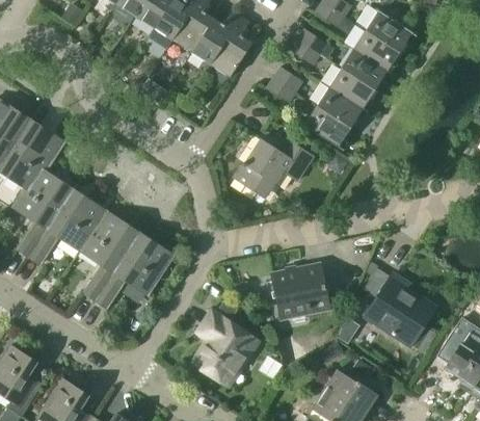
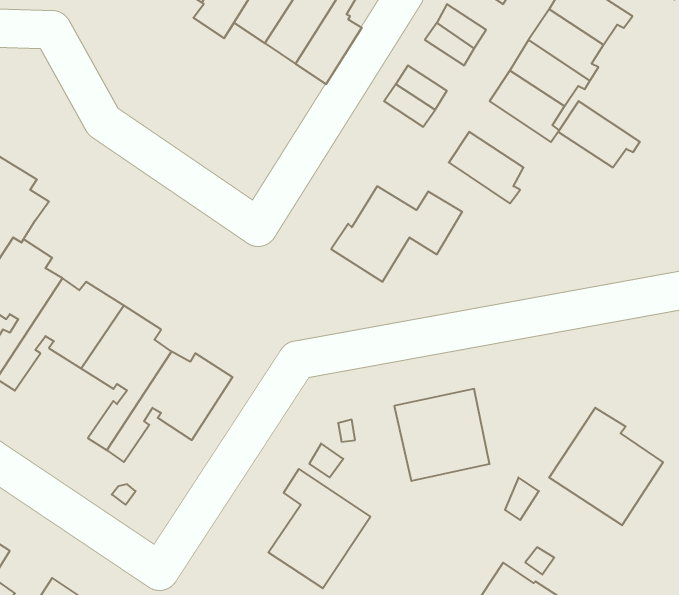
building: [317,86,367,127] -> [558,101,640,167]

